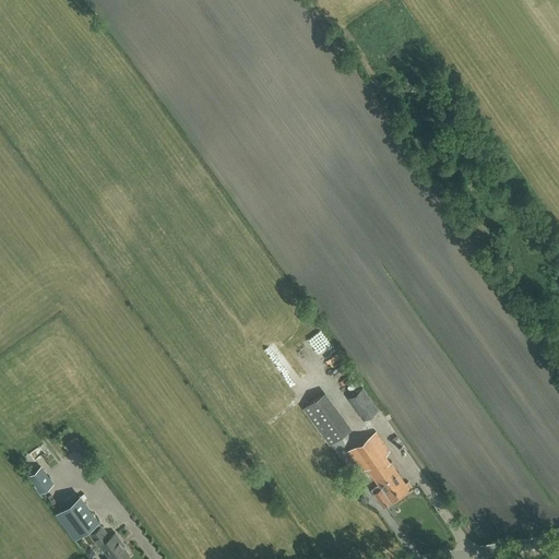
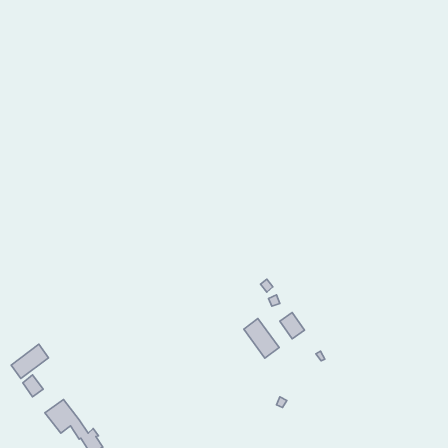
building: none -> [11,344,49,378]
building: [349,433,414,509] -> none

